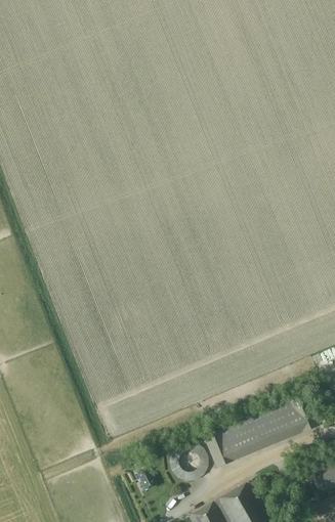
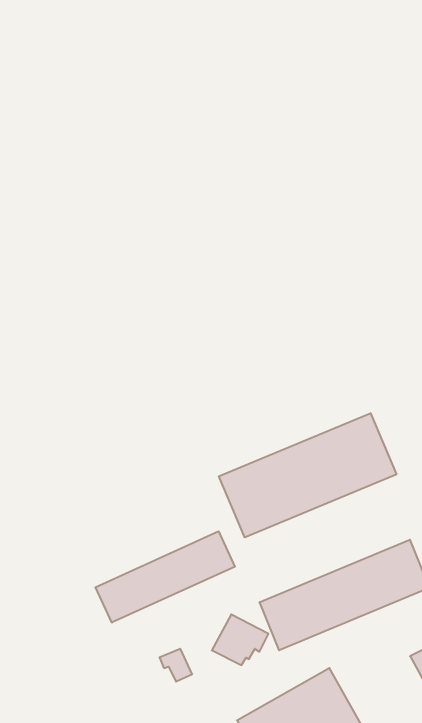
building: none -> [219,413,396,537]
building: none -> [95,531,235,623]

